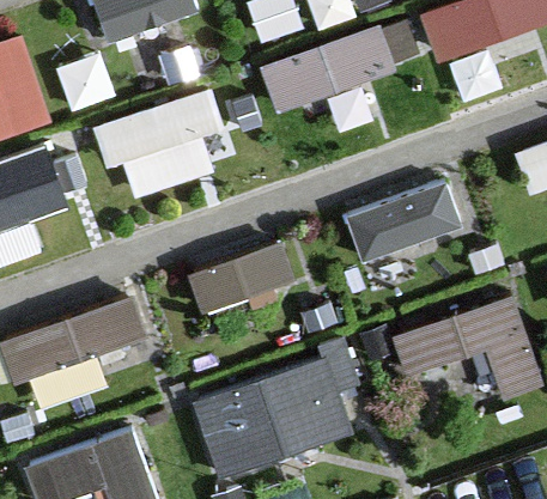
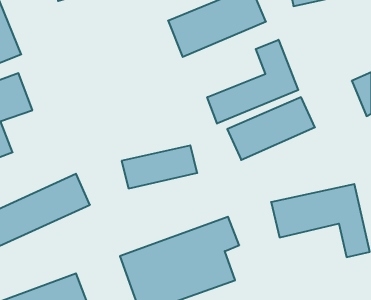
building: [93,84,225,199] -> none
building: none -> [207,40,298,124]

